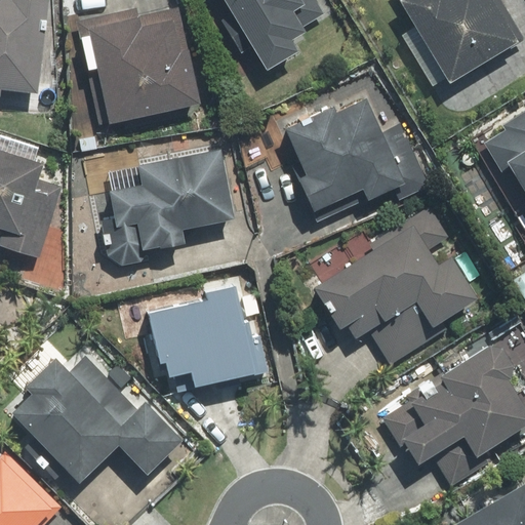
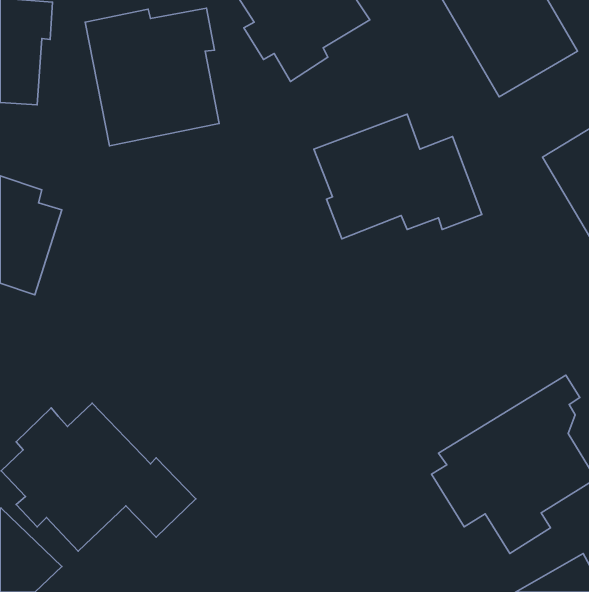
building: [105,150,234,268] -> none
building: [304,204,478,365] -> none
building: [153,281,265,380] -> none

